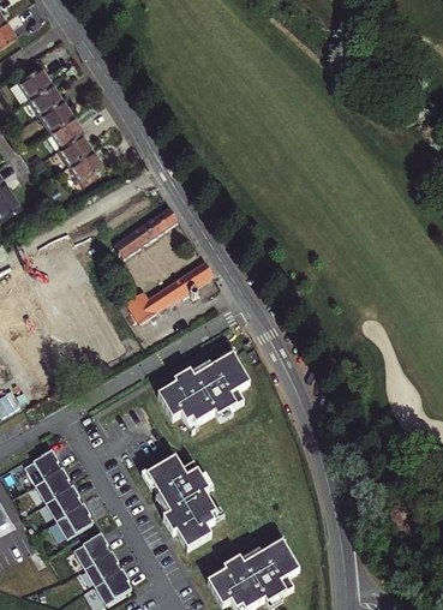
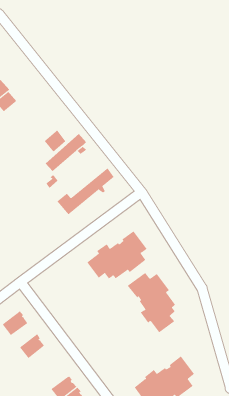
building: [61,148,94,180] -> [44,130,66,153]
building: [148,456,215,546] -> [127,272,176,333]
building: [36,468,74,503] -> none
building: [58,503,95,539] -> none
building: [71,533,113,570] -> none

